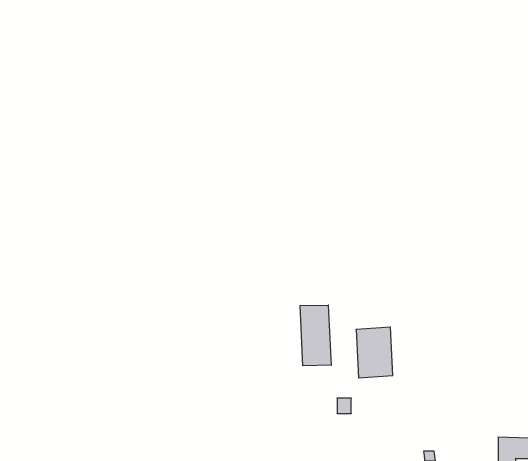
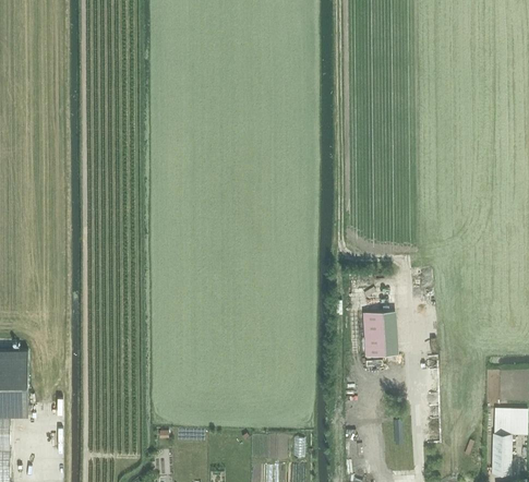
building: [300,305,331,366] -> none

